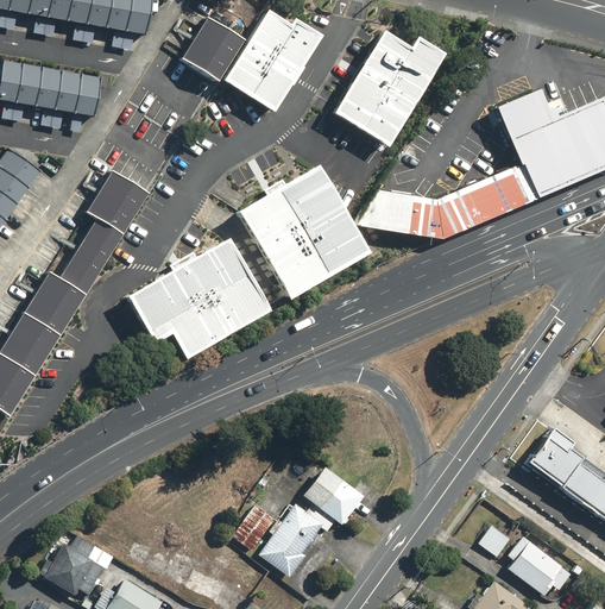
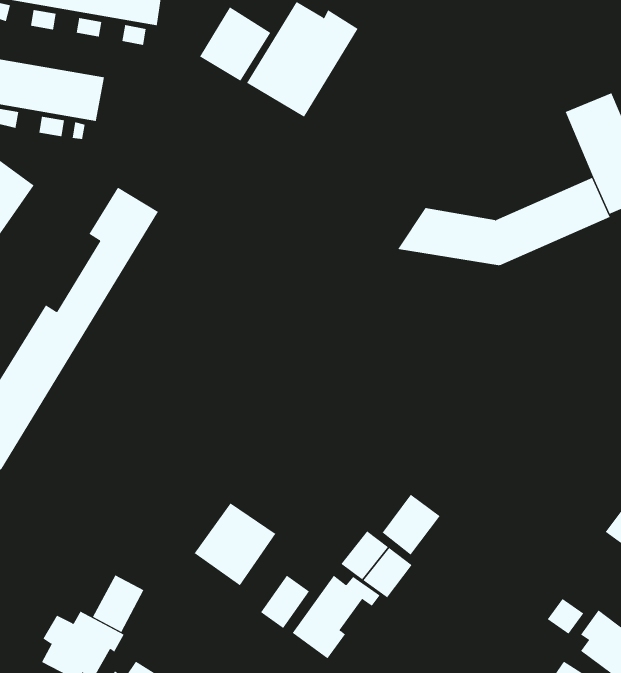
building: [330,31,442,146] -> none
building: [235,165,365,299] -> none
building: [126,238,267,358] -> none
building: none -> [382,494,441,555]
building: none -> [194,502,276,586]
building: none -> [92,574,144,633]

